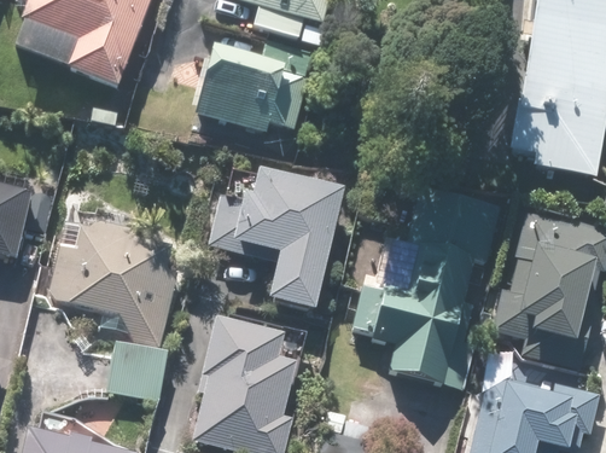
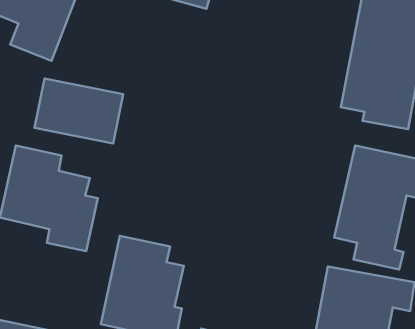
building: [194,47,311,133] -> [35,79,123,143]
building: [239,170,340,313] -> none
building: [356,186,502,379] -> none
building: [105,341,167,401] -> none

